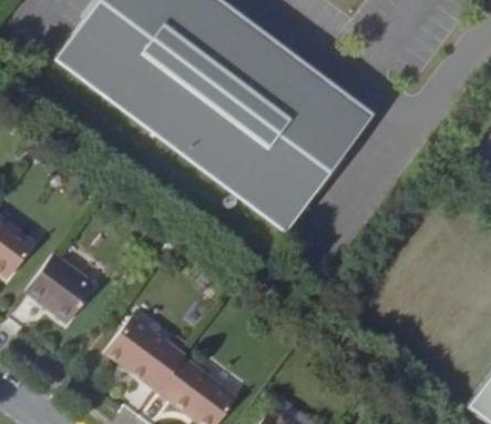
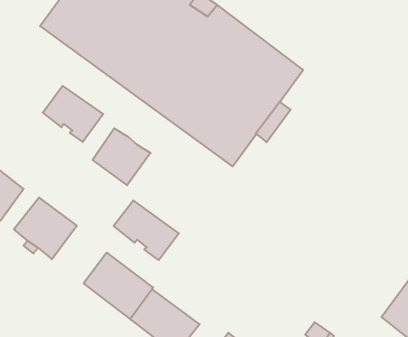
building: none -> [43,86,103,142]
building: none -> [93,128,151,185]
building: none -> [114,200,179,260]

